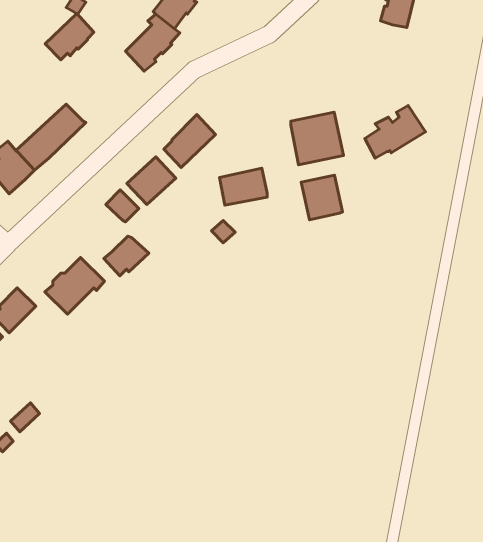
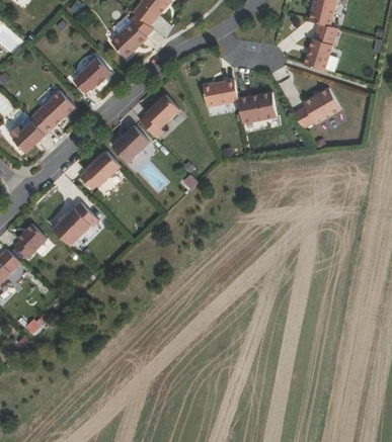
building: [45,14,94,60] -> [74,57,111,92]
building: none -> [303,23,336,71]
building: [220,168,267,205] -> [203,78,239,106]
building: [301,175,342,220] -> none
building: [104,236,149,276] -> [76,160,110,190]

